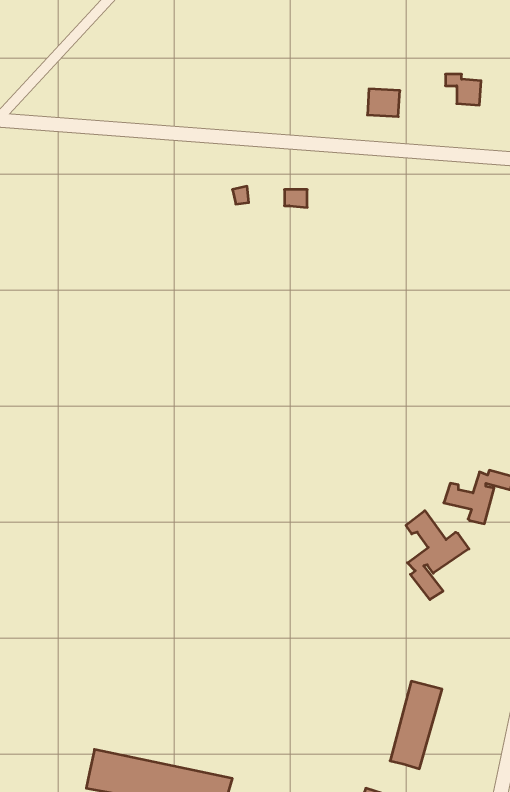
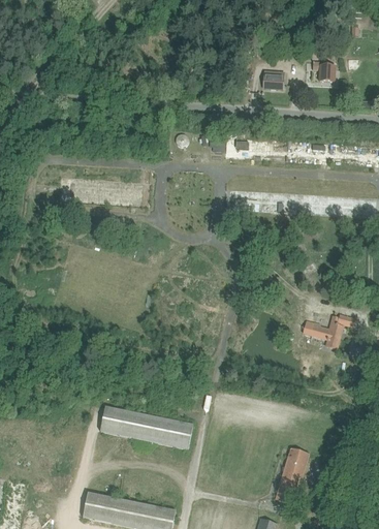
building: [406,511,469,600] -> none
building: none -> [99,406,193,449]

